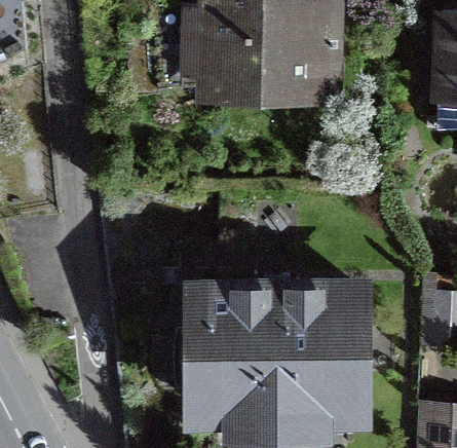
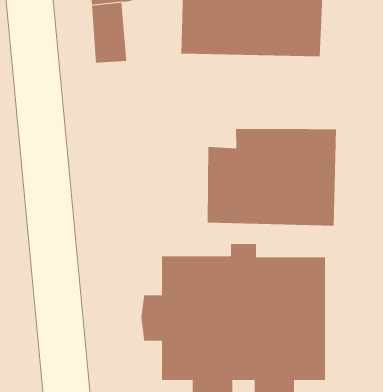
building: none -> [207,128,337,226]

